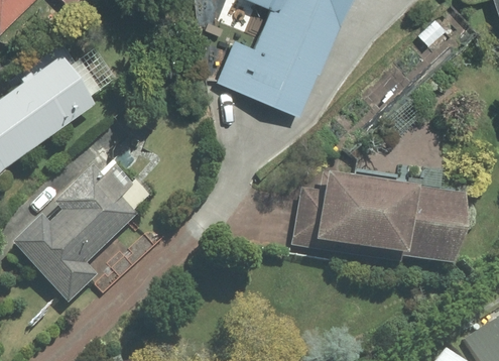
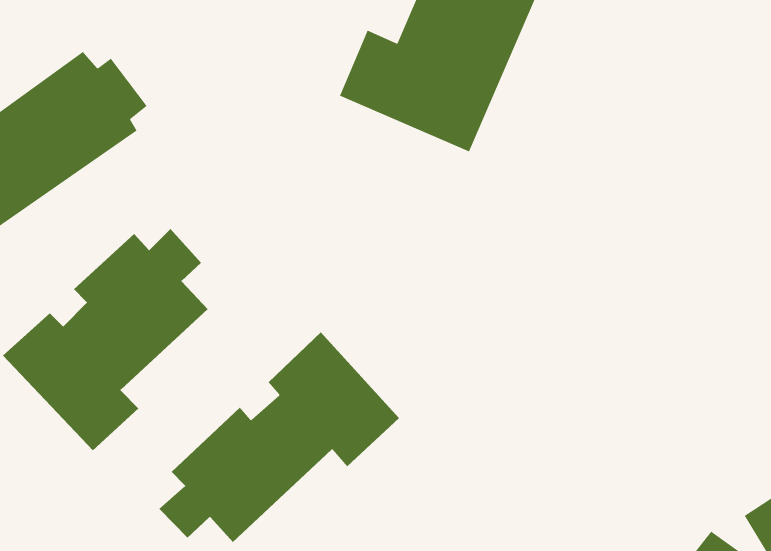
building: [293,167,466,263] -> none
building: none -> [159,331,400,543]

